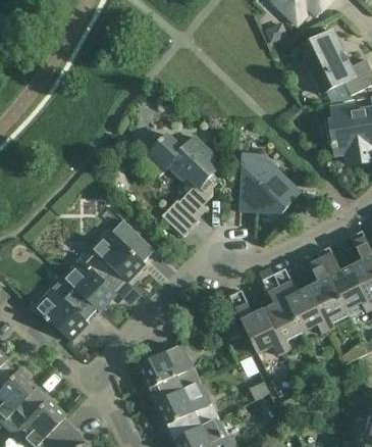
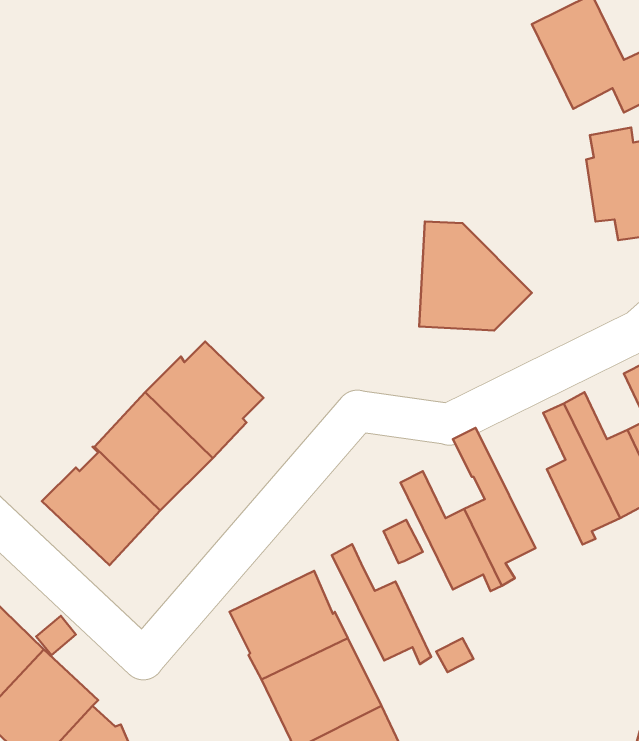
building: [146,133,219,201] -> none
building: [162,199,198,235] -> none
building: [273,267,327,333] -> [332,544,431,664]

